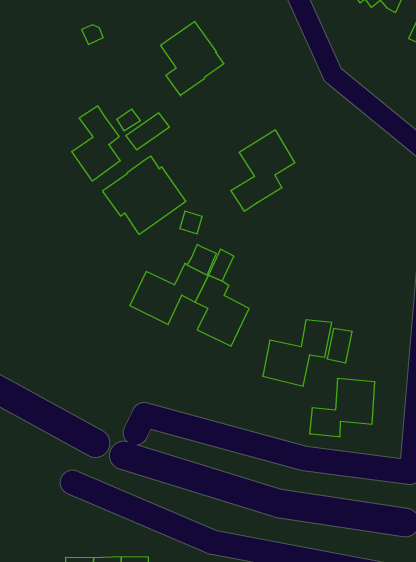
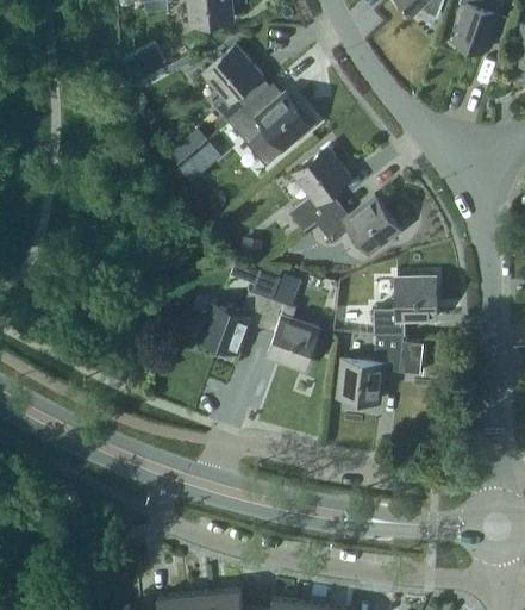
building: [72,106,120,181] -> none
building: [103,156,186,234] -> [229,82,313,162]
building: none -> [315,197,400,254]
building: [310,378,375,437] -> [374,278,436,336]

